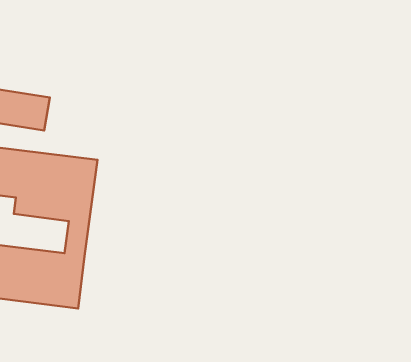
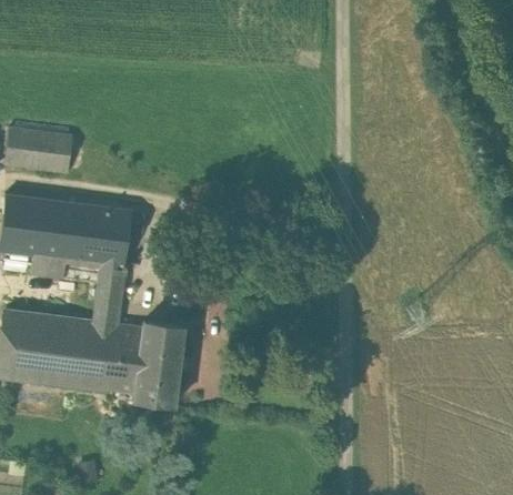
building: none -> [108,322,182,407]

